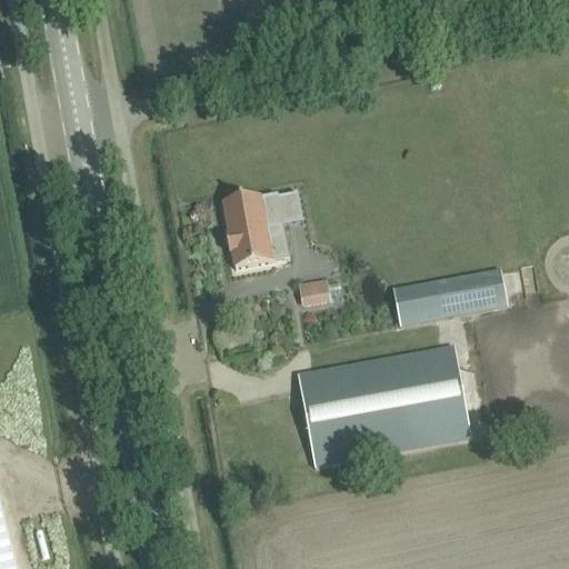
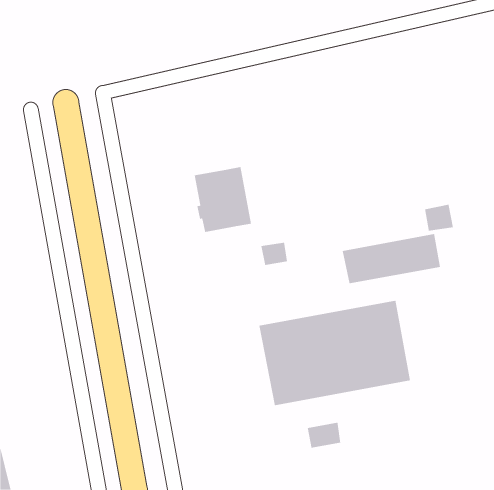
building: none -> [425,204,453,232]
building: none -> [307,422,341,448]

